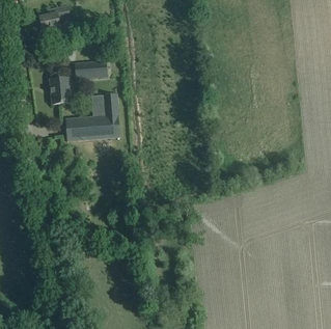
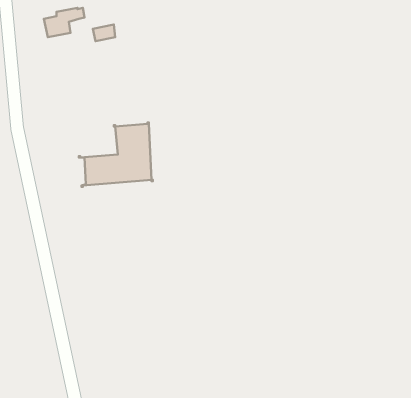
building: [74,61,107,79] -> none
building: [49,78,70,104] -> none

